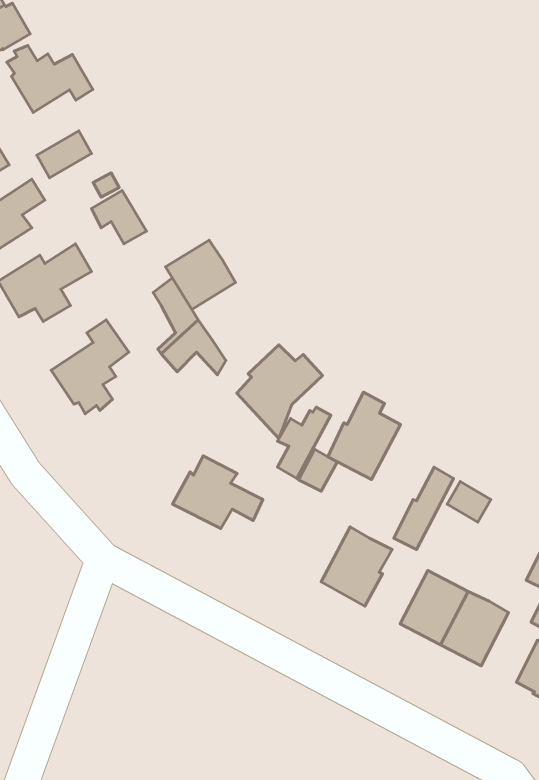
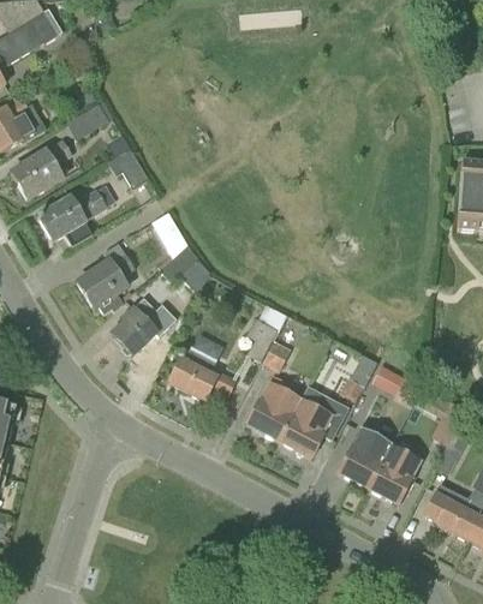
building: [7,46,93,113] -> none
building: [166,240,235,309] -> none
building: [237,345,323,439] -> [112,297,175,366]
building: [328,392,401,479] -> [245,373,299,438]

